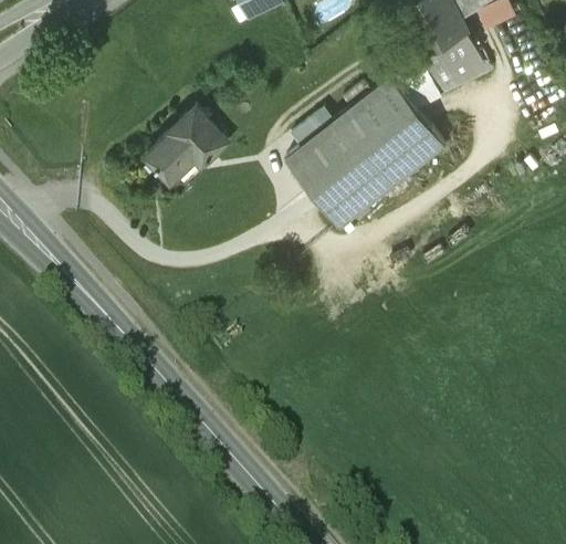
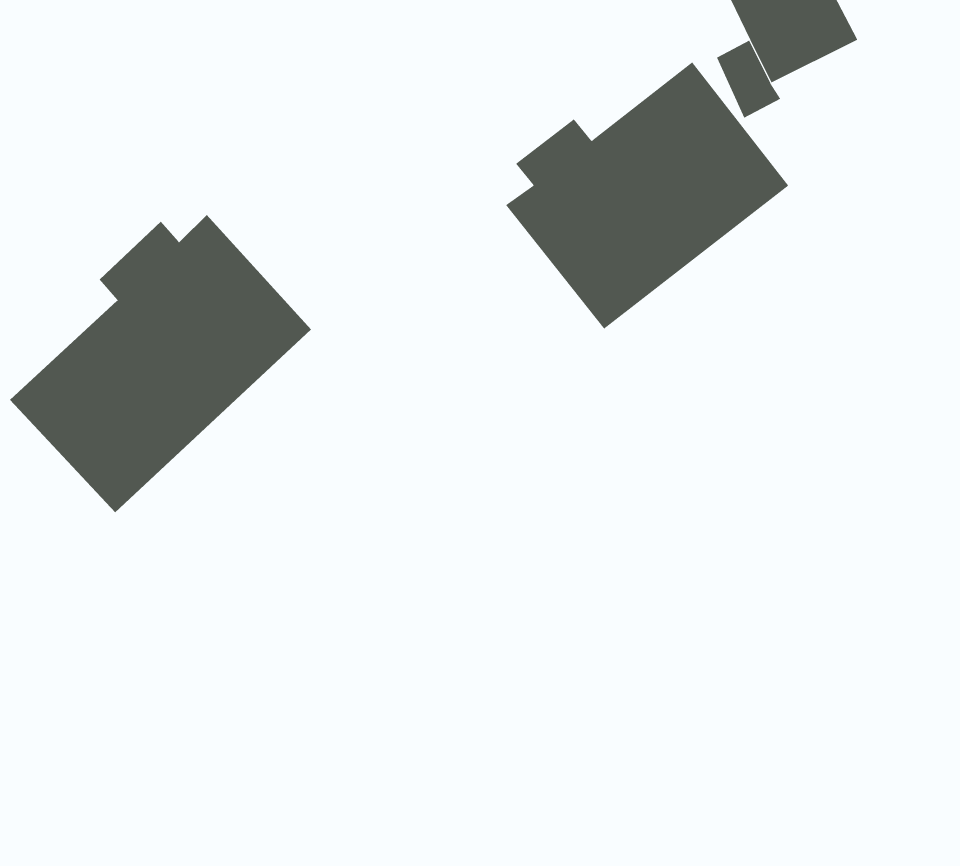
building: [147,107,228,180] -> none
building: none -> [9,214,312,513]

